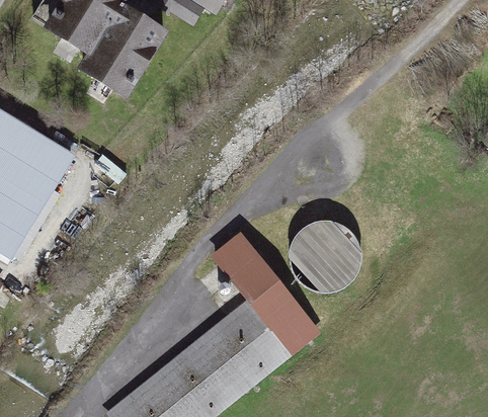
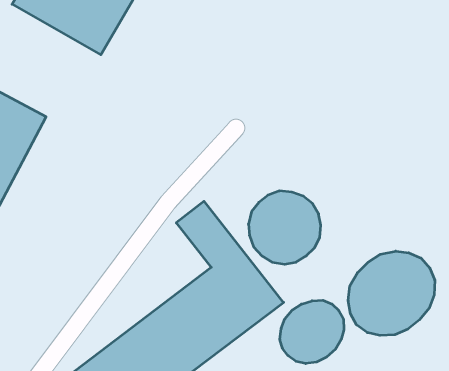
building: none -> [348,251,435,335]
building: none -> [280,300,344,364]

